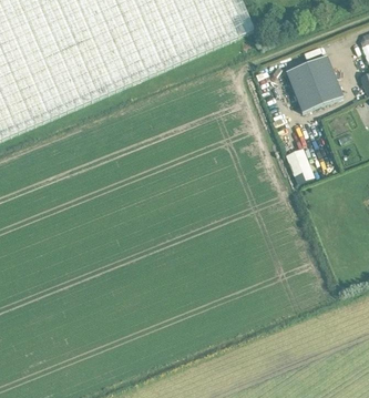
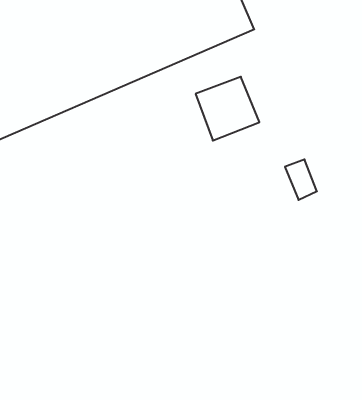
building: [286,54,344,112] -> [196,77,259,141]

